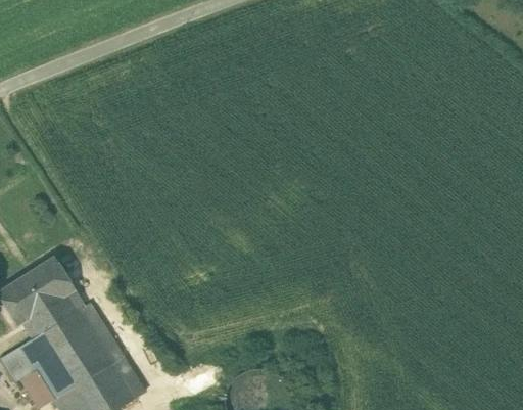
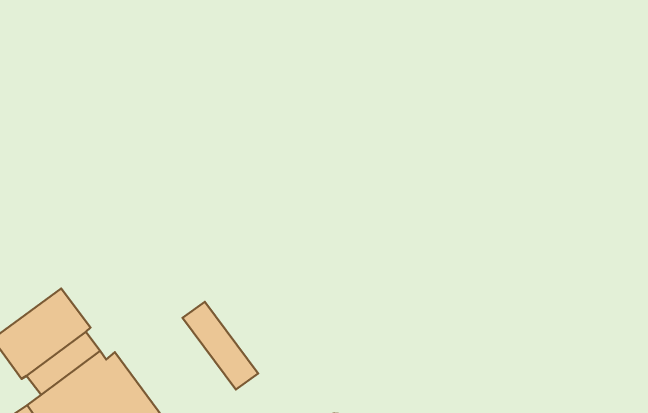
building: none -> [182,302,258,389]

